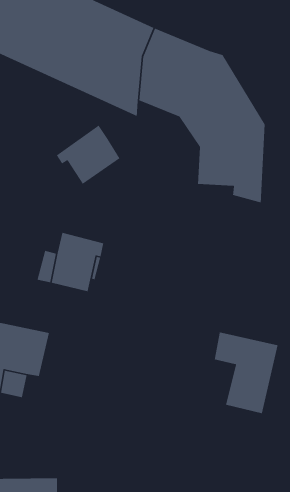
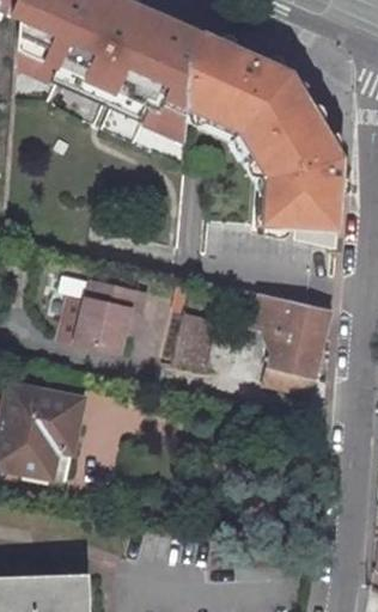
building: [56,125,121,185] -> none
building: none -> [179,313,224,371]
building: [214,332,279,414] -> [254,294,330,392]

